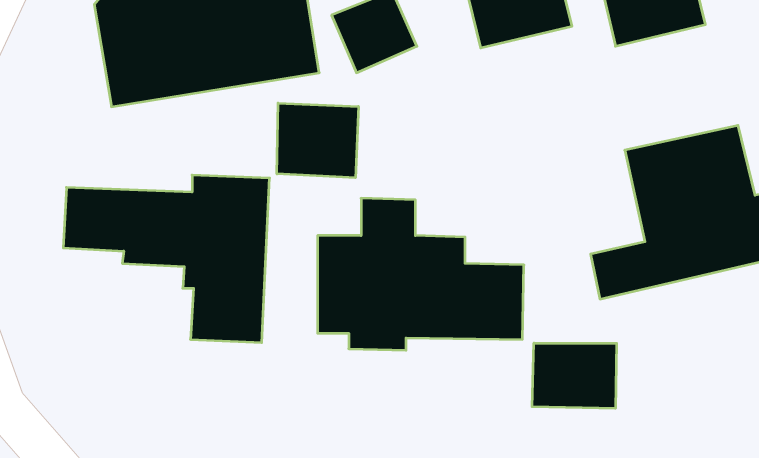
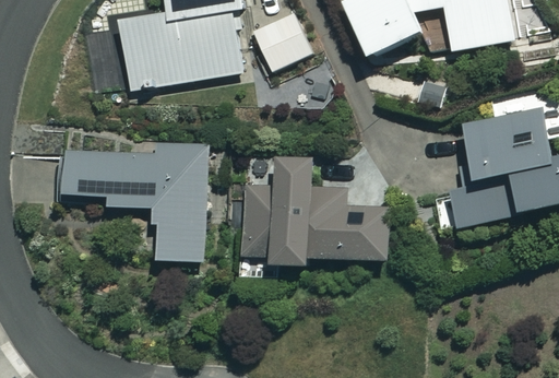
building: [277,103,358,178] -> none
building: [532,343,617,408] -> none

